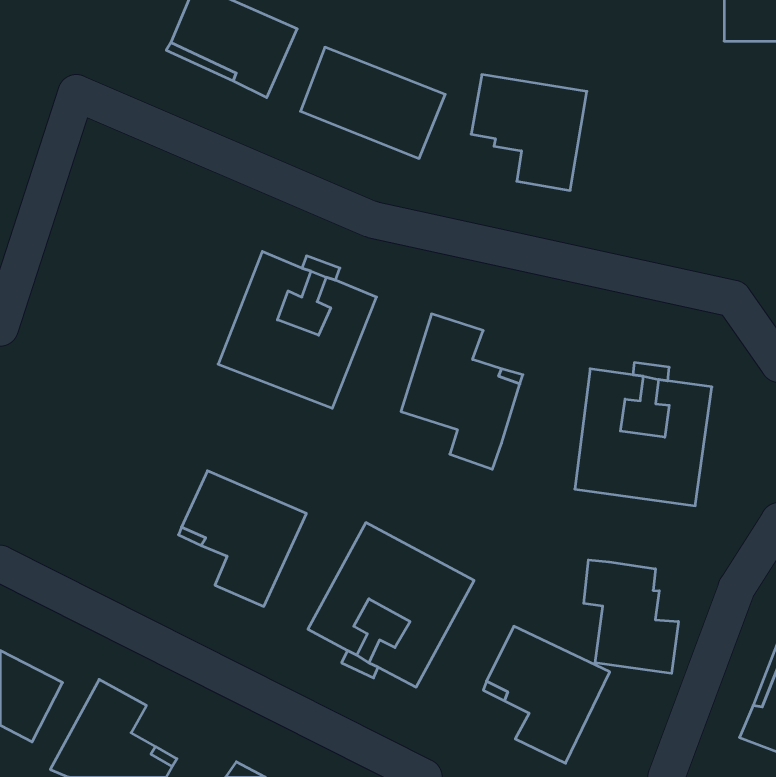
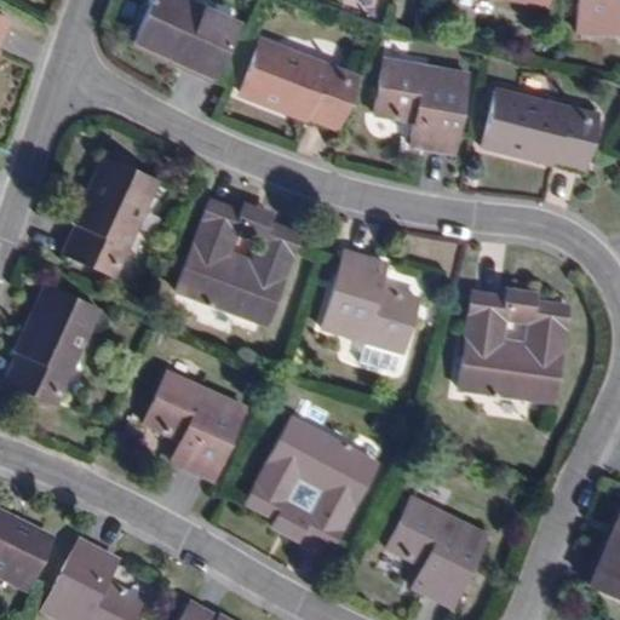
building: none -> [483,91,597,170]
building: none -> [65,160,157,276]
building: none -> [7,287,98,402]
building: [584,560,678,673] -> none

